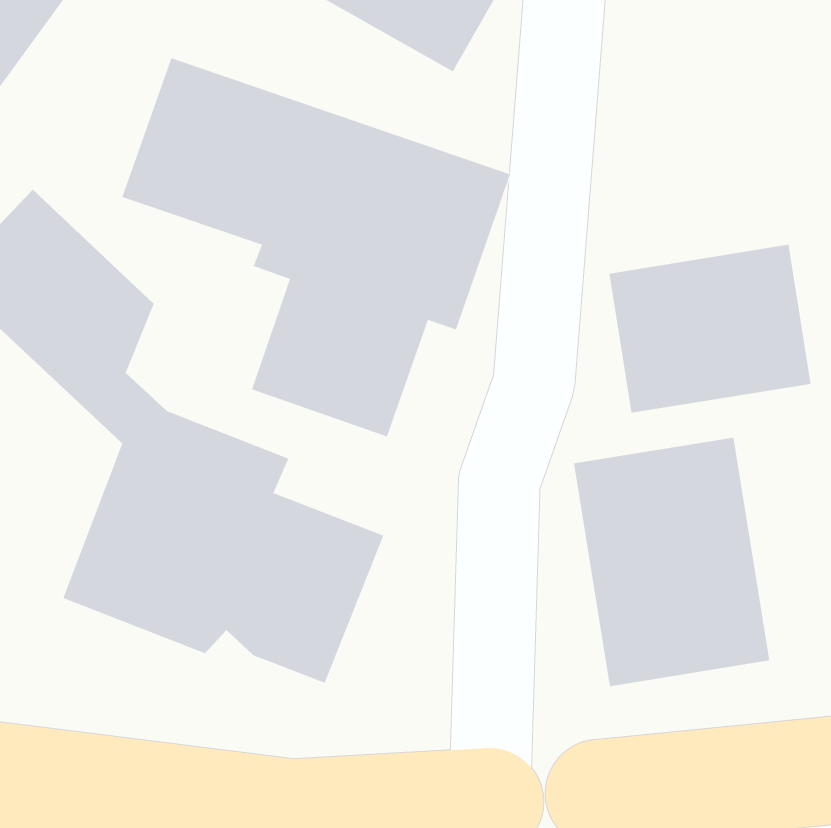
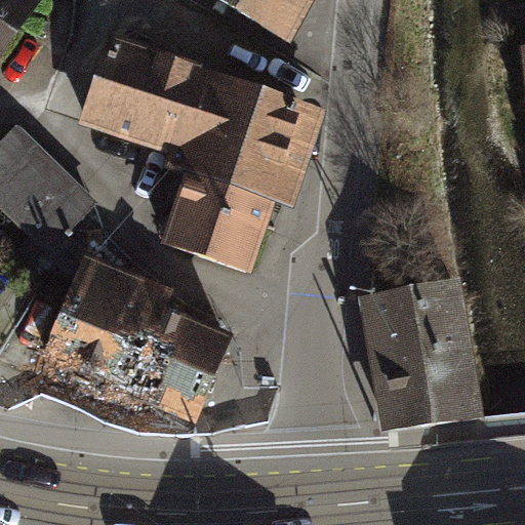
building: [609,244,811,414] -> none

